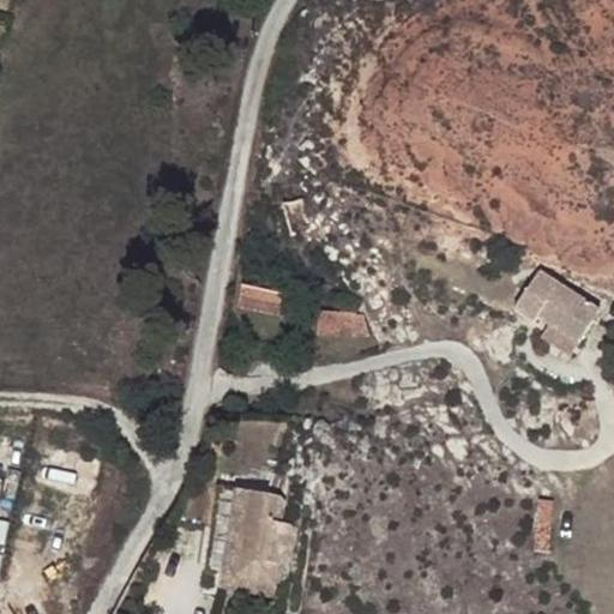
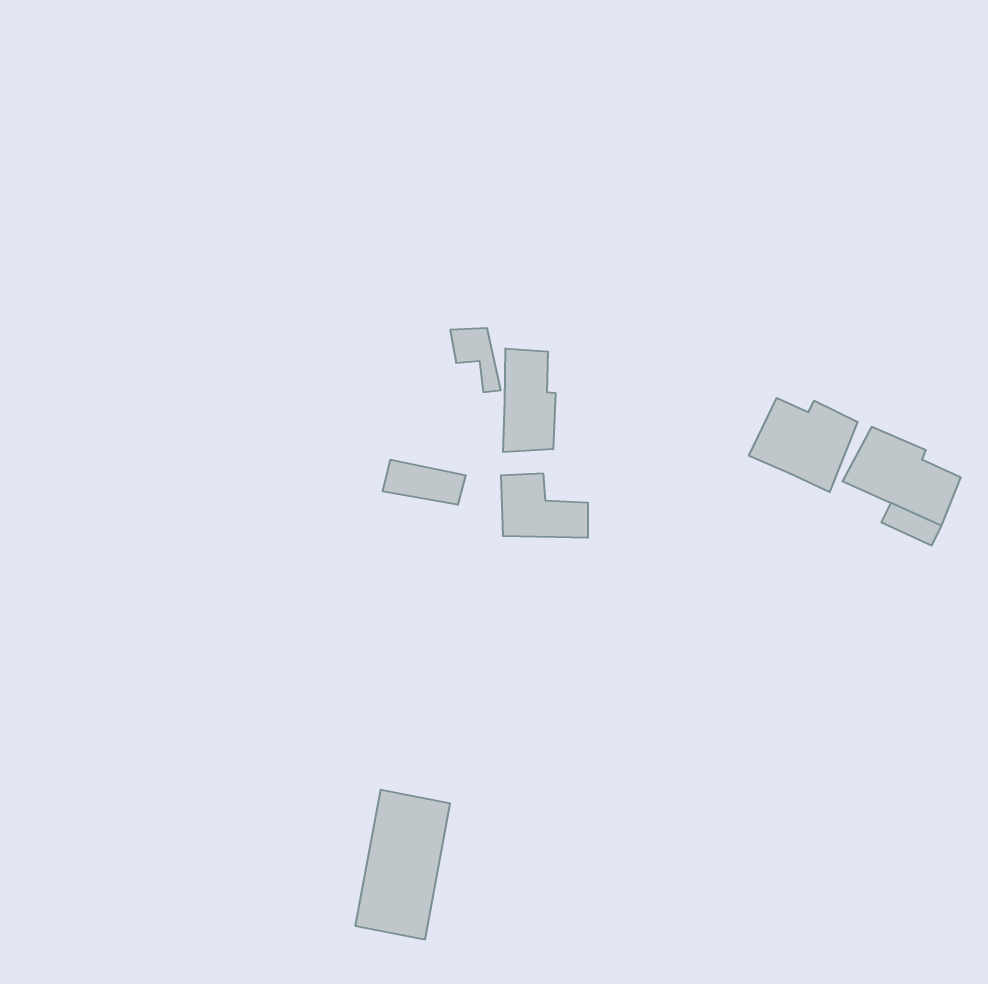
building: none -> [503,348,555,452]
building: none -> [749,398,858,492]

